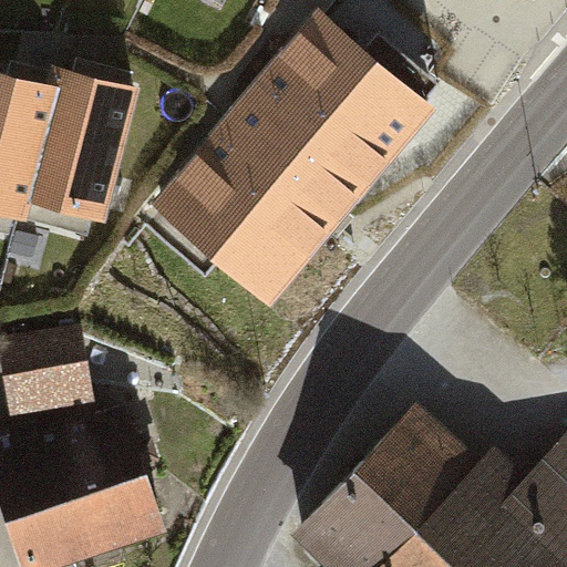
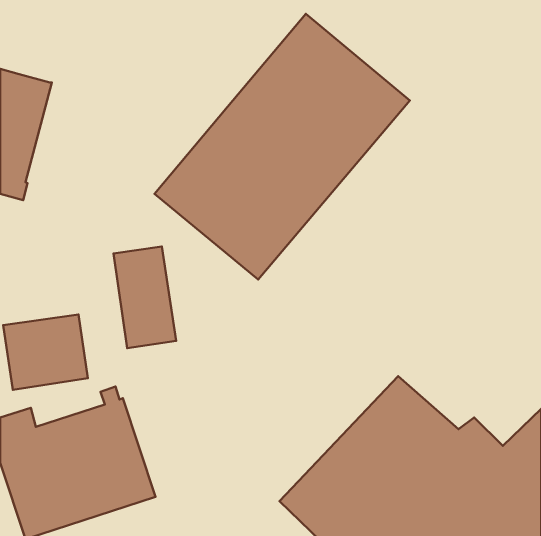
building: [27,73,134,216] -> none
building: none -> [114,247,176,348]

